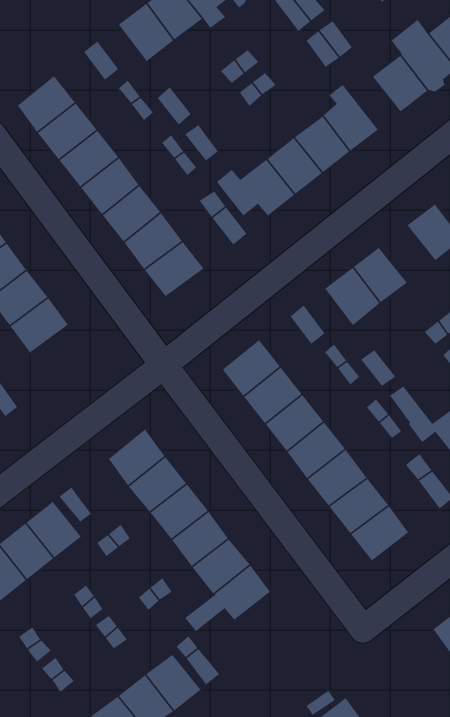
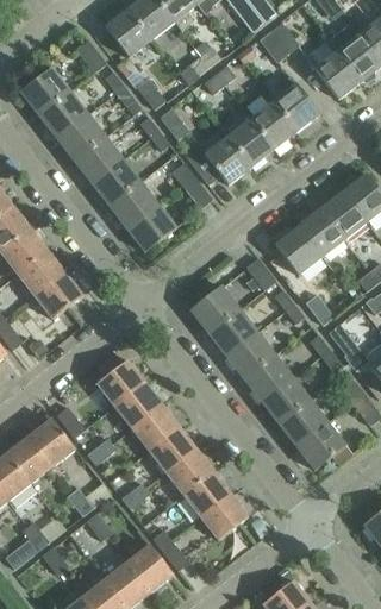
building: none -> [320,192,367,239]
building: none -> [32,274,81,320]
building: none -> [201,494,249,540]

